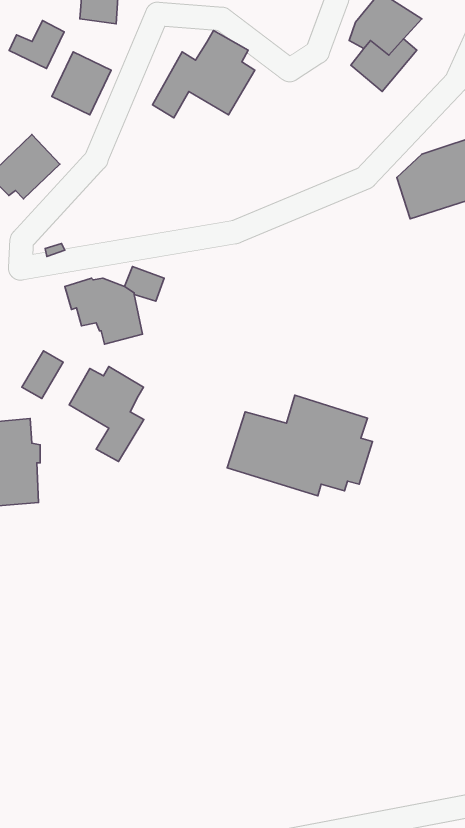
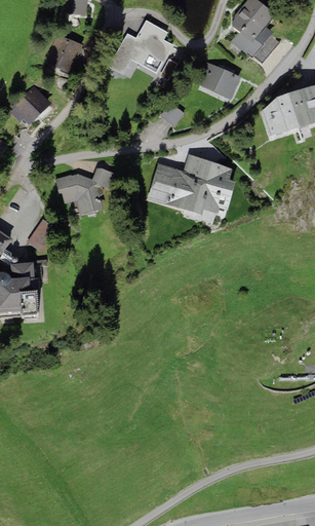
building: [9,20,64,68] -> none
building: none -> [196,63,241,100]
building: [69,367,144,461] -> none
building: [227,395,372,496] -> [146,154,236,217]

